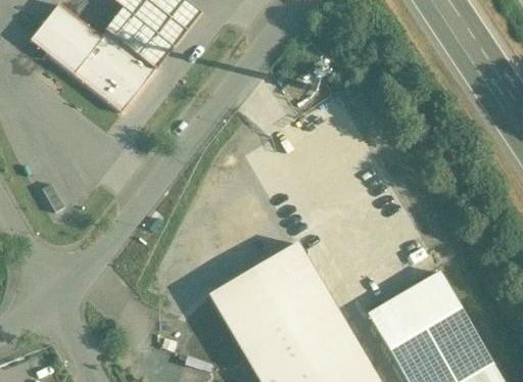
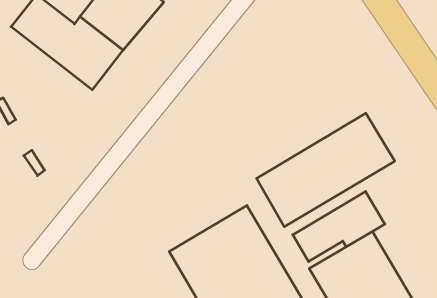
building: none -> [257,113,395,227]
building: none -> [293,191,385,262]

